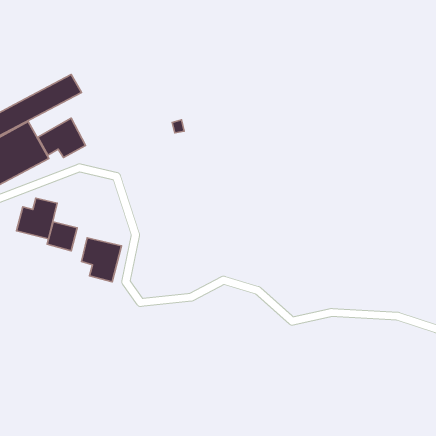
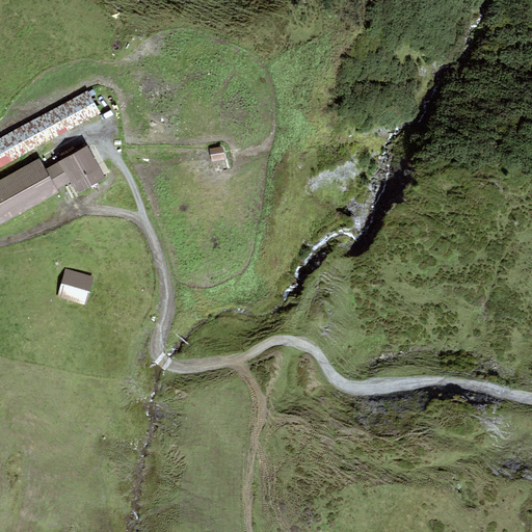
building: [17,198,57,239] -> none
building: [81,238,121,282] -> none

